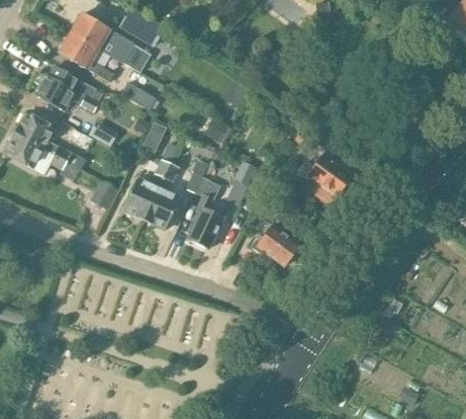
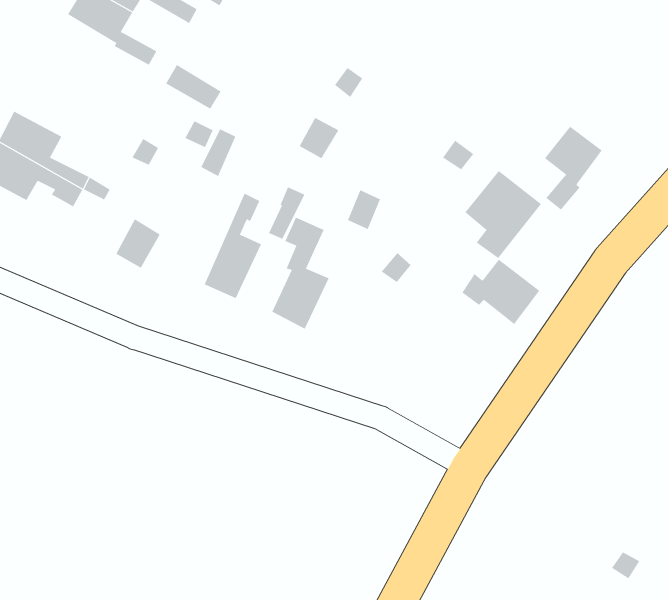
building: [34,64,99,111] -> none
building: none -> [544,126,602,211]
building: [122,159,170,220] -> none
building: [251,224,300,265] -> [461,259,540,325]

